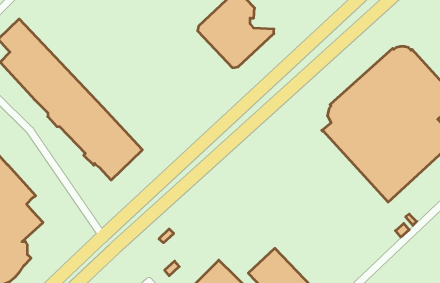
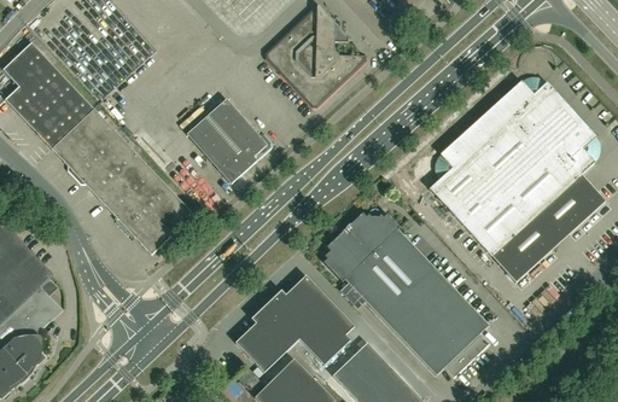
building: none -> [187,98,274,182]
building: none -> [323,212,489,377]
building: none -> [235,275,354,372]

